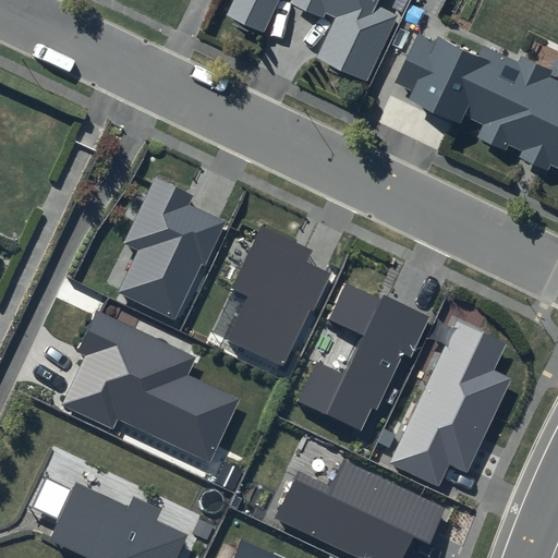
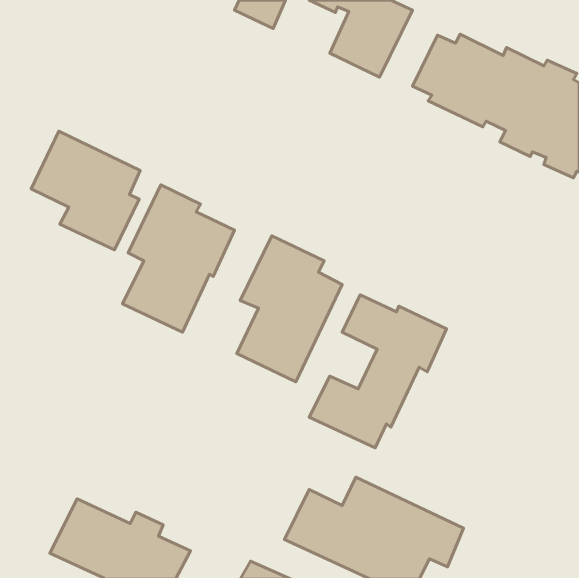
building: none -> [31,131,140,250]
building: [62,311,240,463] -> none
building: [390,323,511,487] -> none

